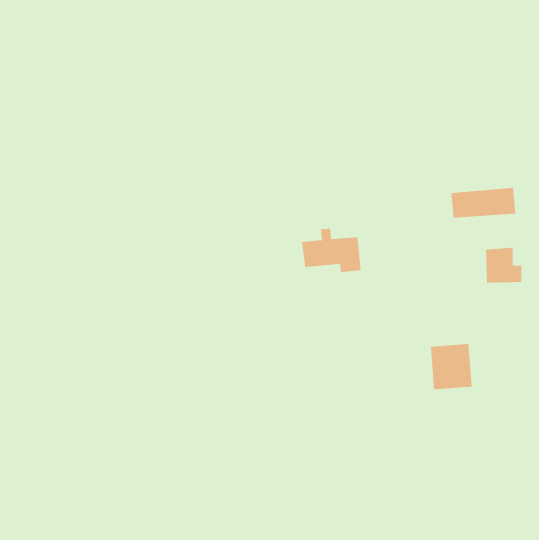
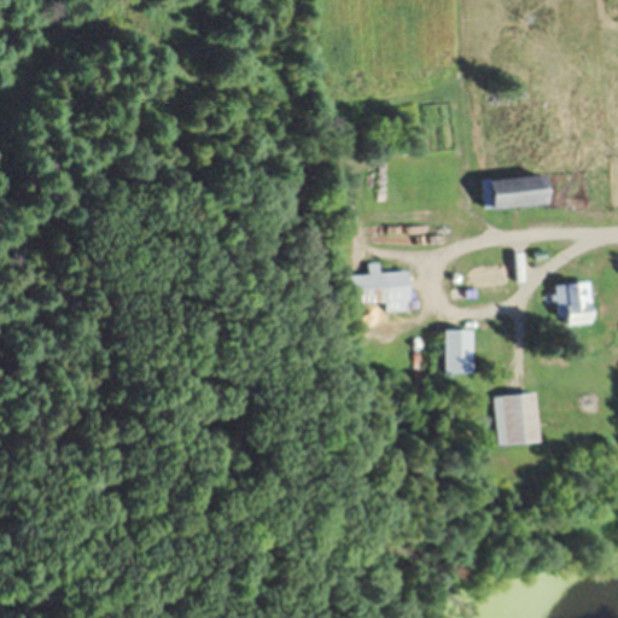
building: [451,187,516,218] -> [480,174,555,209]
building: none -> [445,331,474,373]

